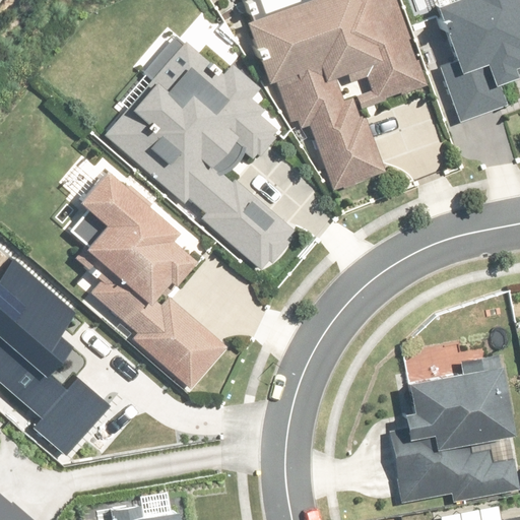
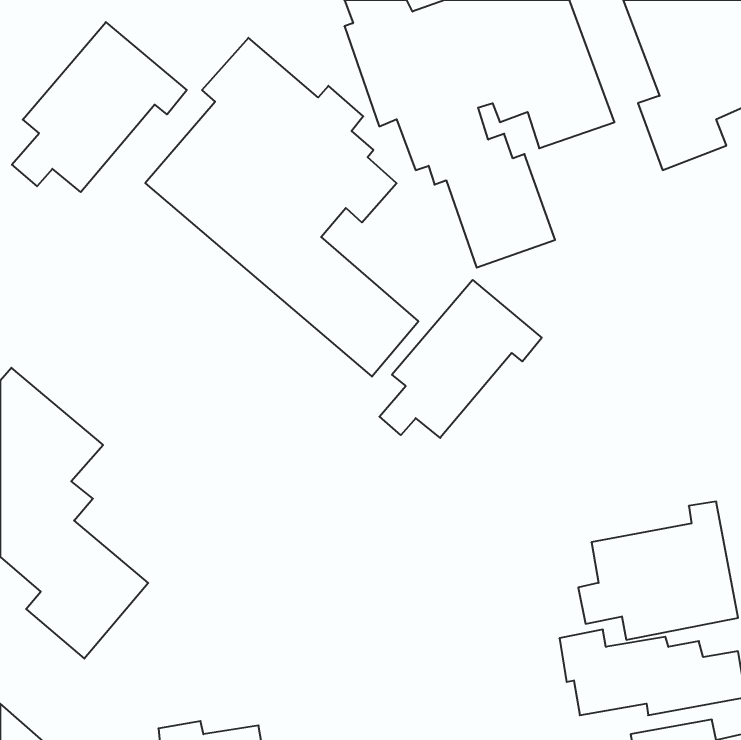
building: none -> [12,22,187,192]
building: [67,171,214,383] -> none
building: none -> [379,280,542,438]

